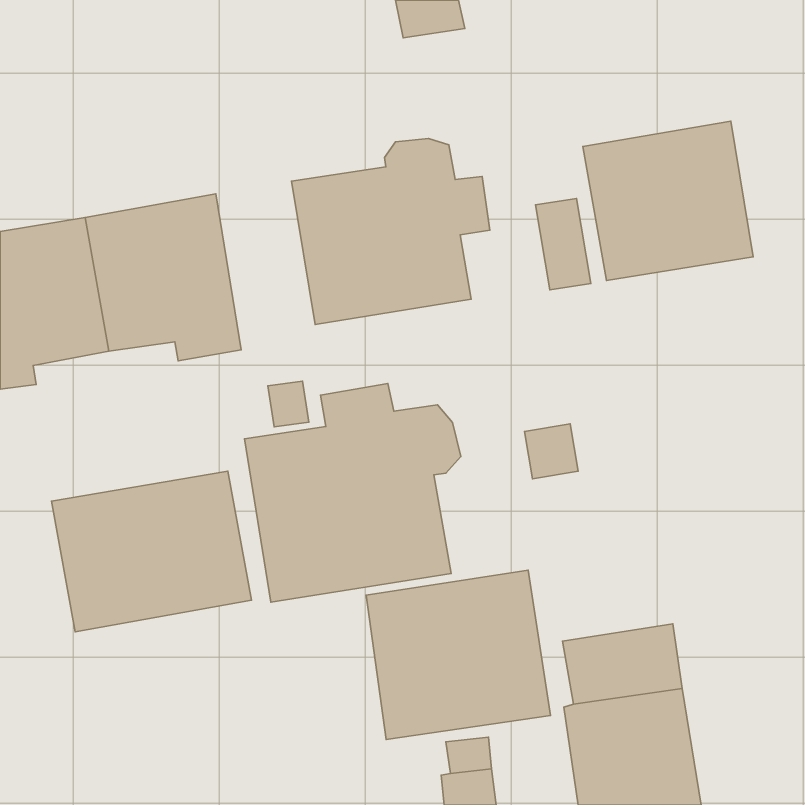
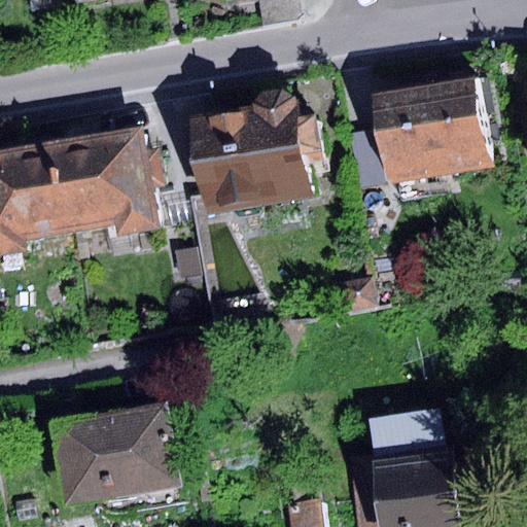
building: [244,383,461,602] -> none
building: [52,471,252,632] -> [48,402,179,507]
building: [366,570,550,739] -> none

